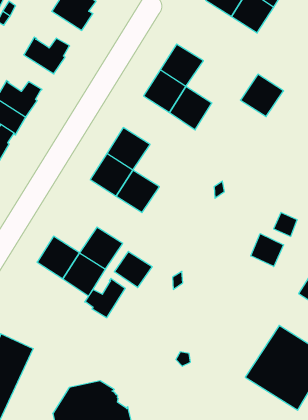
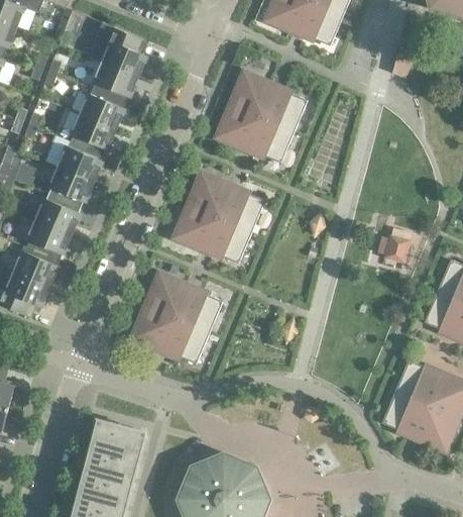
building: none -> [89,61,137,101]
building: none -> [67,113,115,153]
building: [240,74,284,117] -> [261,86,307,130]
building: none -> [219,187,264,231]
building: none -> [145,274,191,318]
building: [251,234,284,267] -> none
building: [114,251,152,288] -> none
building: [85,278,125,318] -> none

